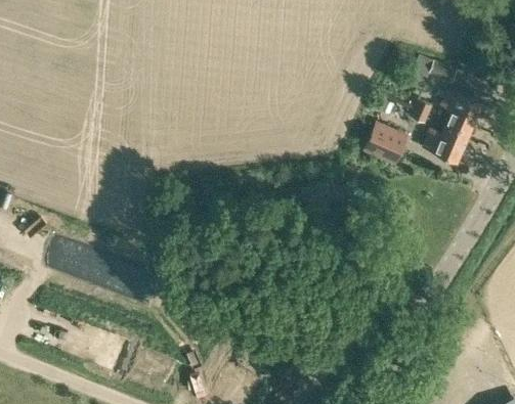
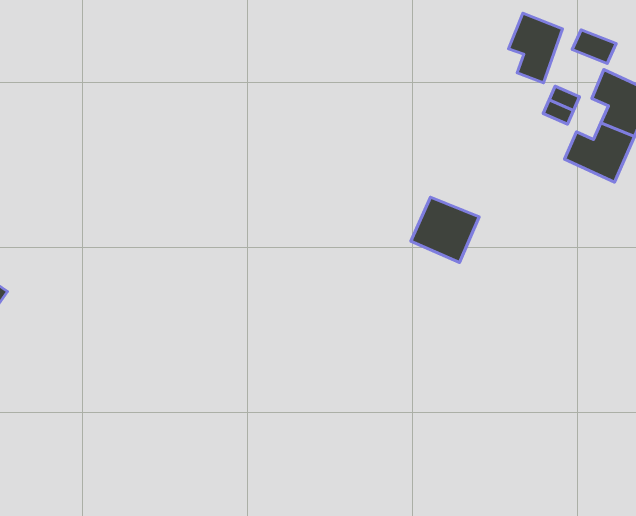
building: none -> [508,13,563,83]
building: [362,122,409,166] -> [411,197,479,263]

